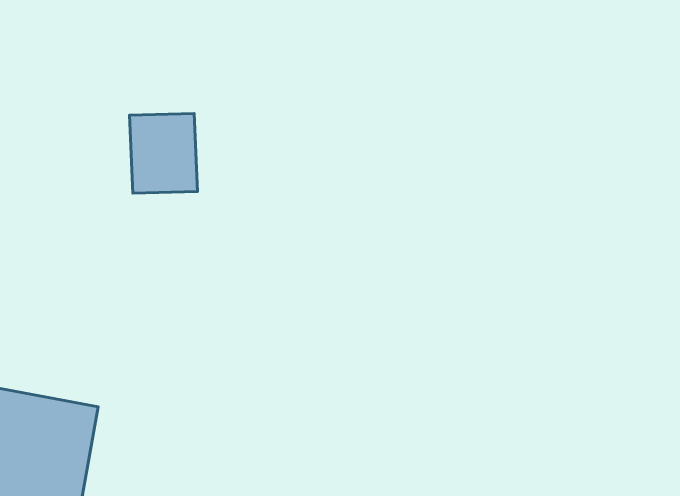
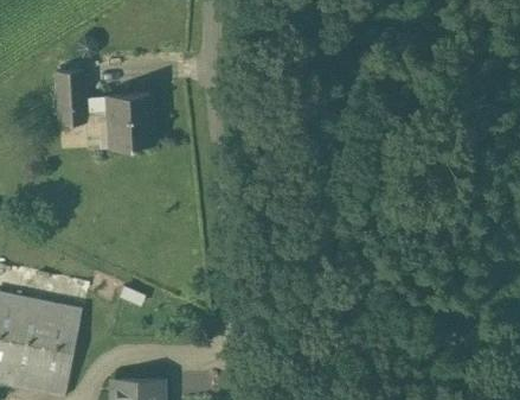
building: none -> [53,70,85,123]

